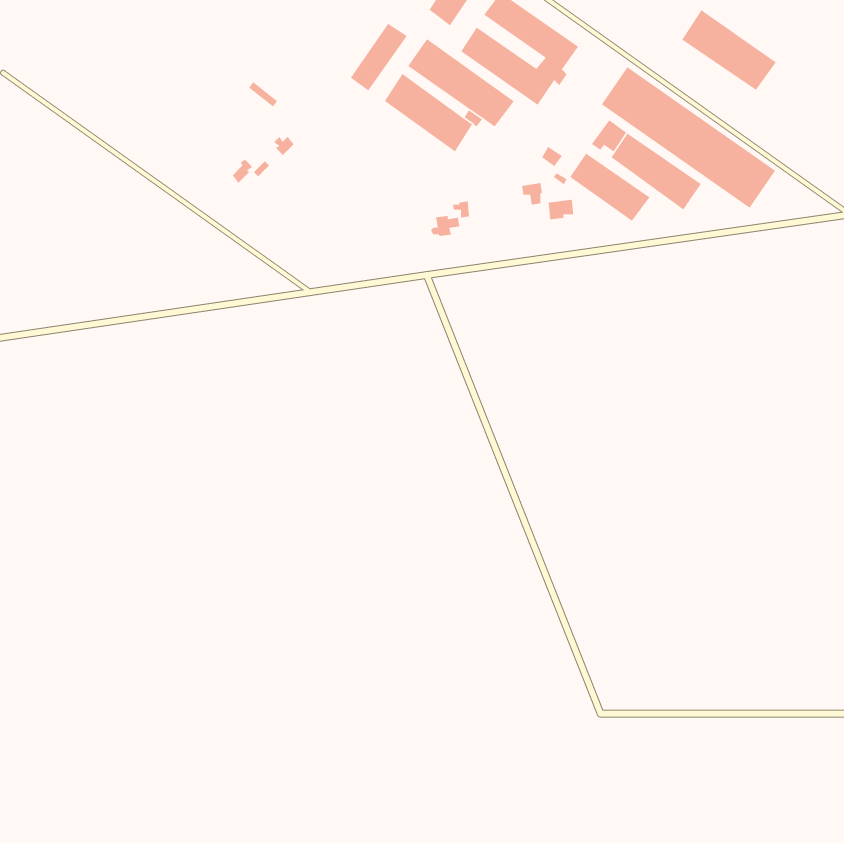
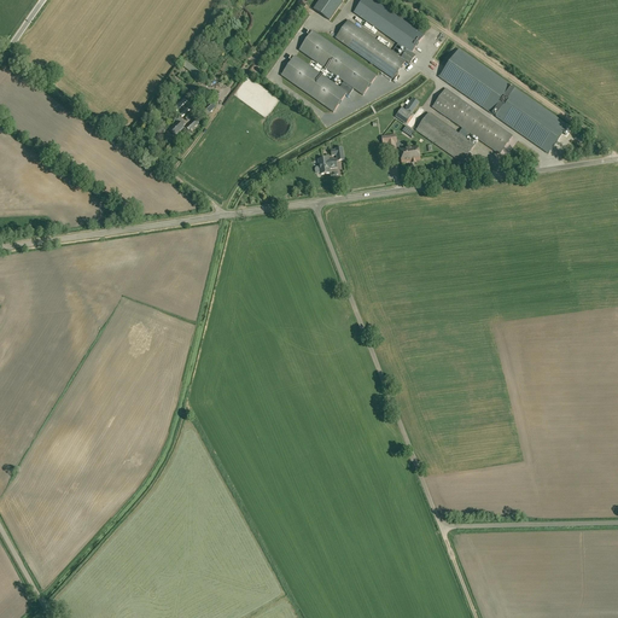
building: [681,9,777,91] -> none
building: [350,23,408,92] -> none

